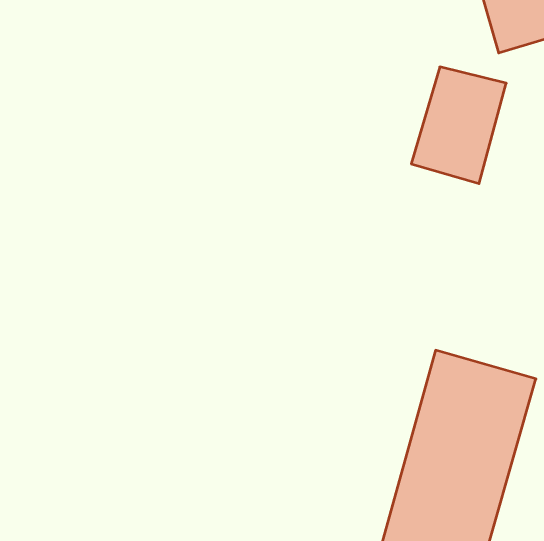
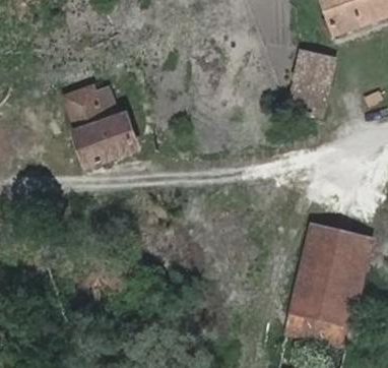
building: none -> [61,82,140,170]

